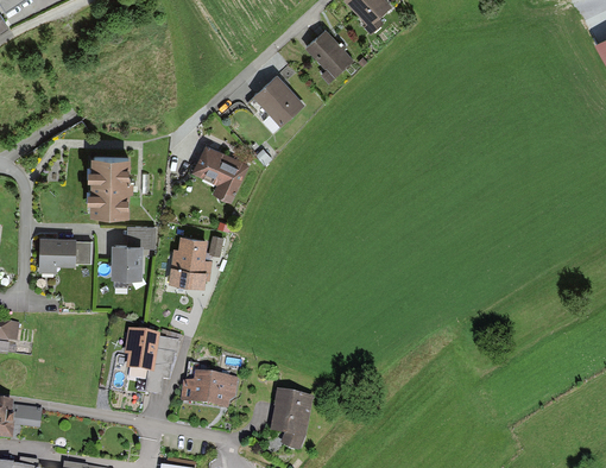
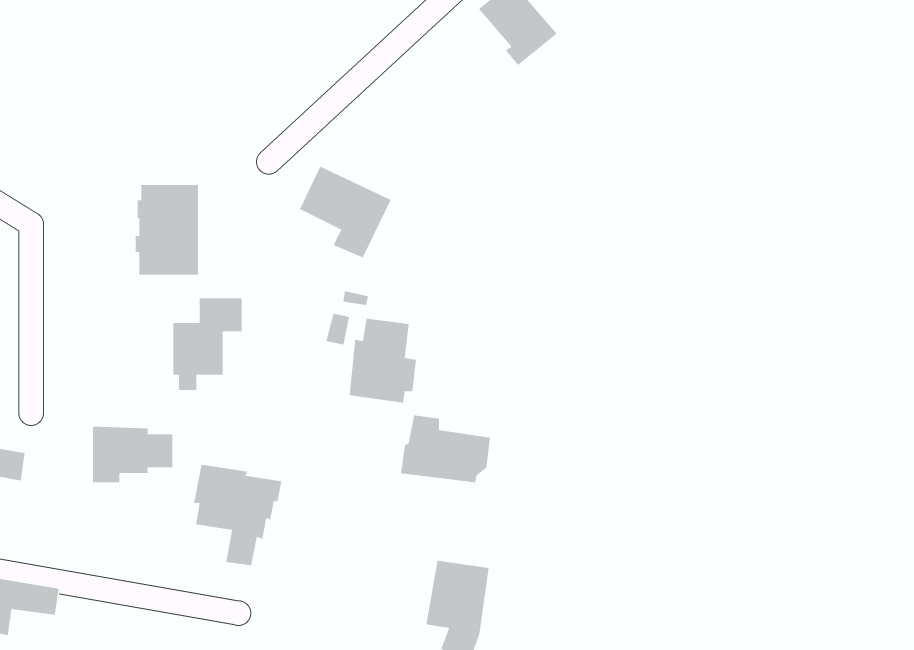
building: [252,74,304,126] -> none
building: [170,234,213,287] -> [349,318,417,403]
building: [40,236,91,272] -> [92,426,173,483]
building: [182,365,239,407] -> [400,415,491,483]

